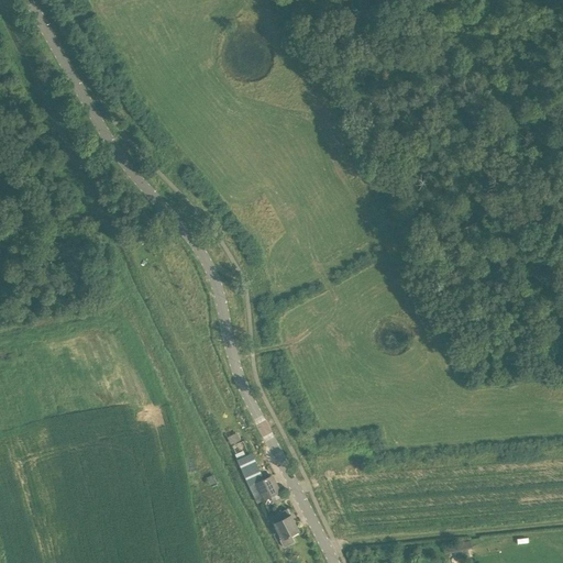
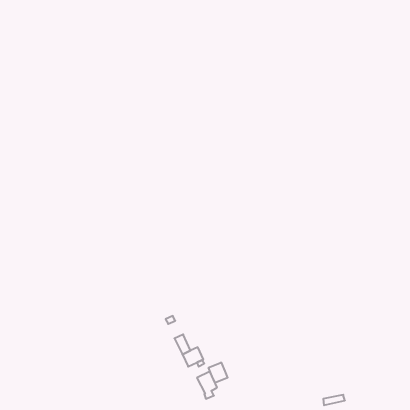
building: none -> [209,362,228,383]

